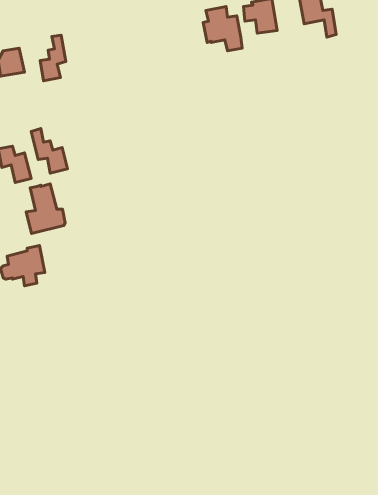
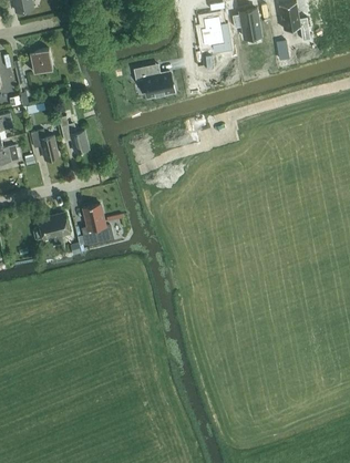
building: [40,35,66,81] -> none
building: none -> [134,65,175,97]
building: [26,184,65,233] -> [80,205,112,246]

